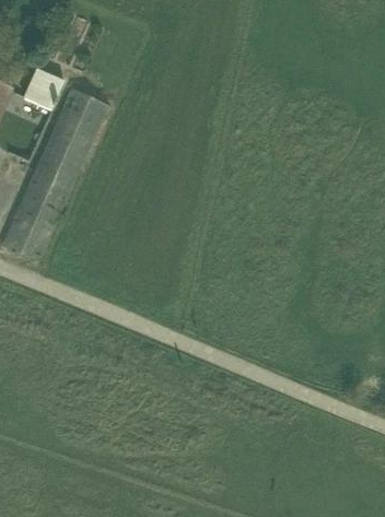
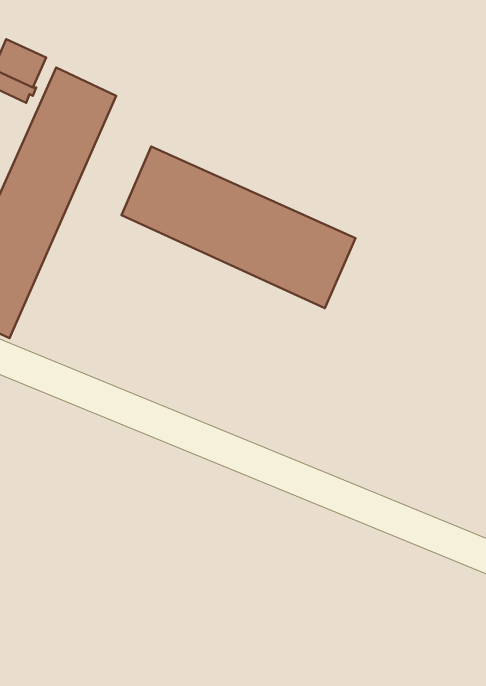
building: none -> [122,147,356,308]

